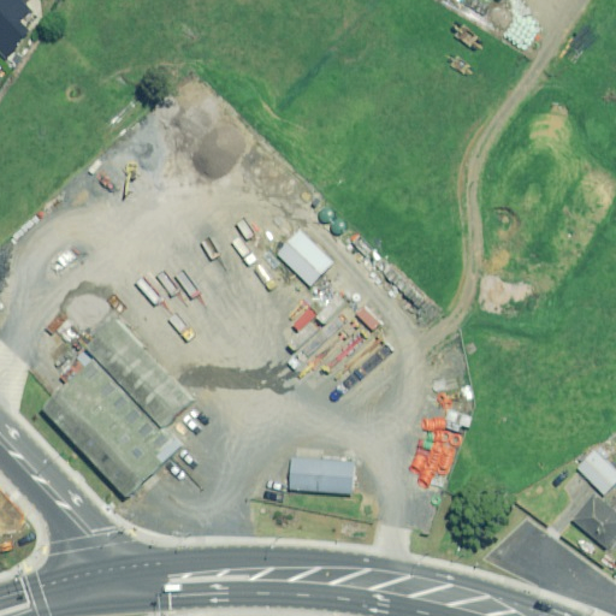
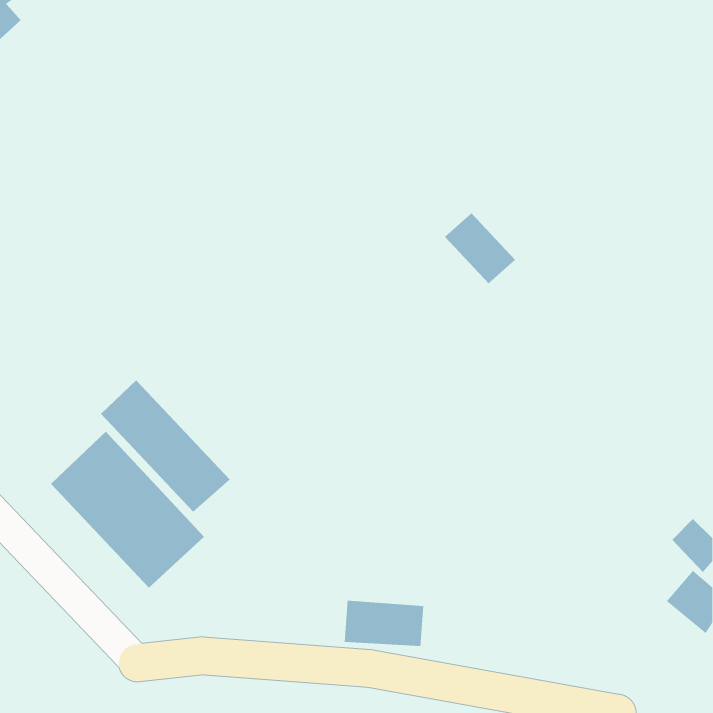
building: [277,231,337,291] -> [444,212,516,284]
building: [285,457,353,497] -> [344,600,424,647]

